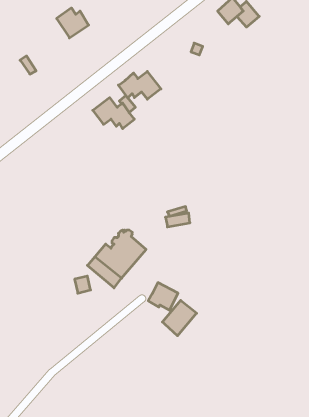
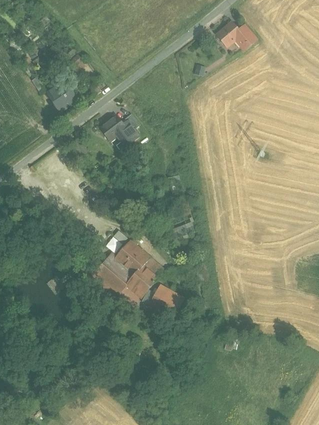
building: [57,8,89,38] -> [47,83,77,111]
building: [118,71,161,99] -> none
building: [162,300,197,336] -> [127,264,159,297]

